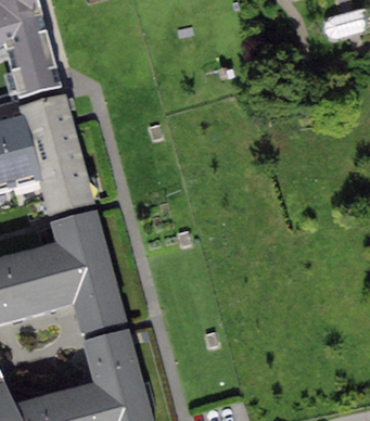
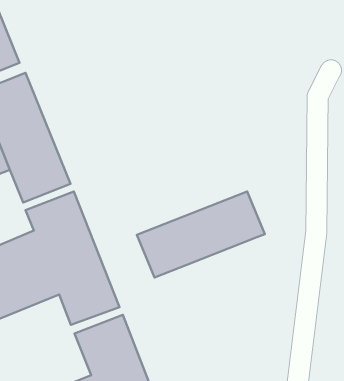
building: none -> [137,191,265,278]

